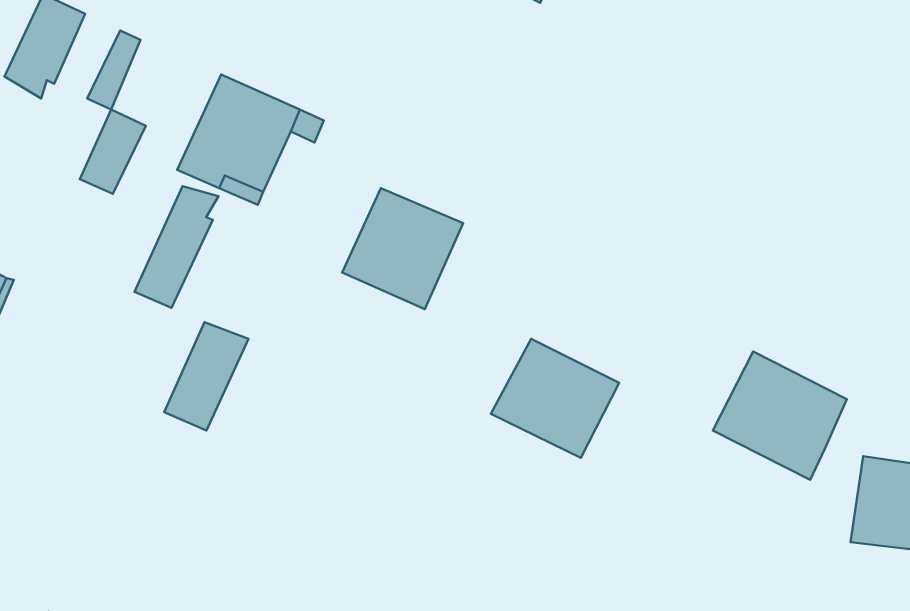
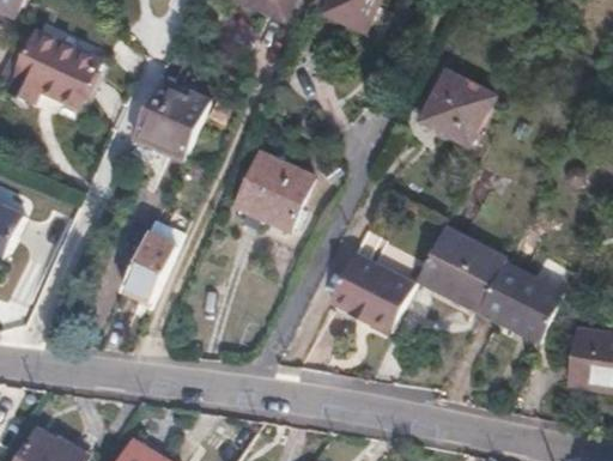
building: none -> [420,71,494,145]
building: [80,109,146,194] -> [47,40,90,95]
building: [135,186,218,308] -> none
building: none -> [415,229,503,311]

